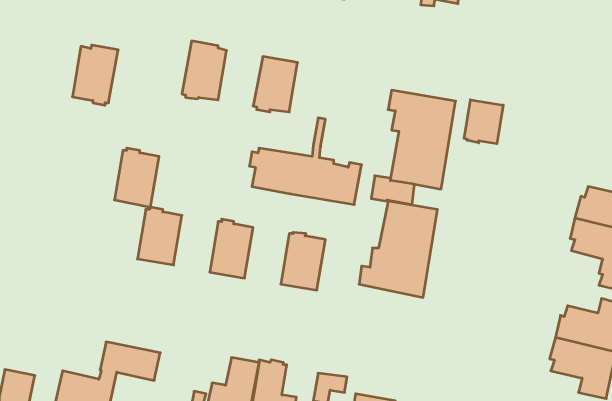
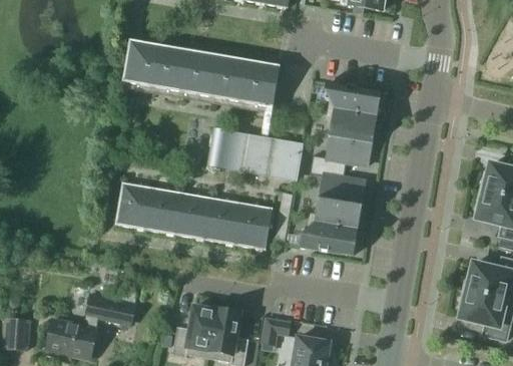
building: [72,45,118,105] -> [122,38,160,88]
building: none -> [182,50,219,96]
building: none -> [241,60,280,107]
building: [464,100,503,144] -> none
building: [114,148,159,207] -> [145,186,182,235]
building: none -> [204,196,241,245]

